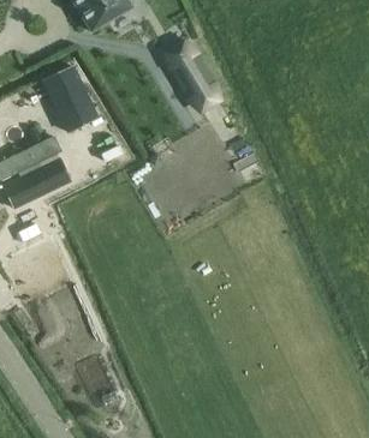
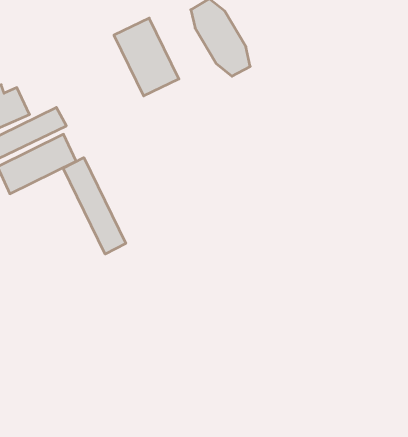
building: [43,65,99,131] -> [114,18,179,96]
building: none -> [63,158,126,254]

